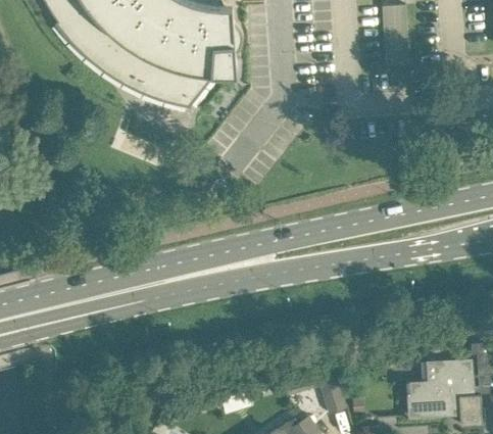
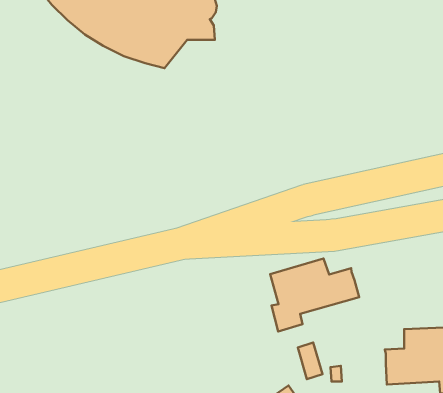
building: none -> [270,259,359,331]

